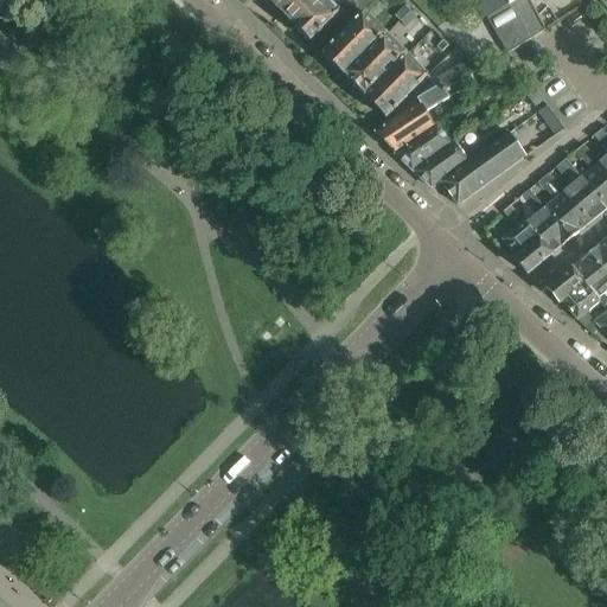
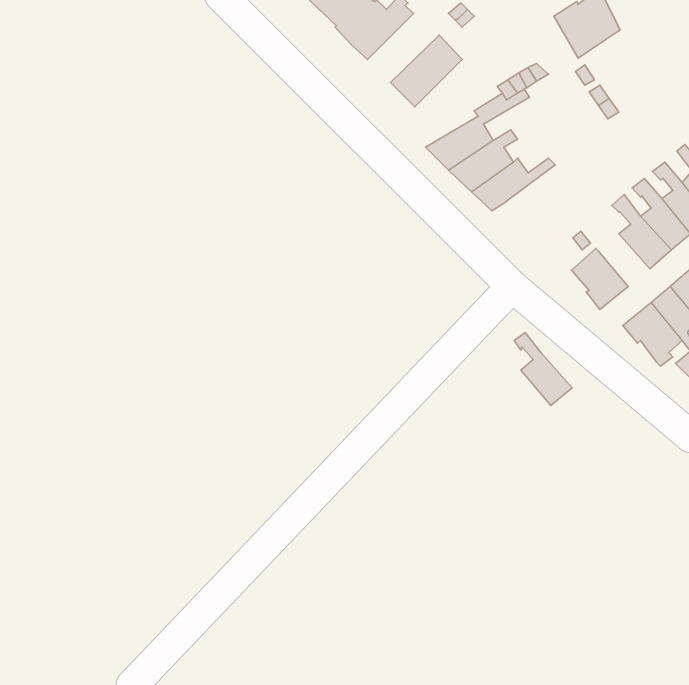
building: [324,11,386,72] -> none
building: [365,52,428,115] -> none
building: [442,130,526,203] -> none
building: [520,187,571,251] -> [514,332,572,405]

